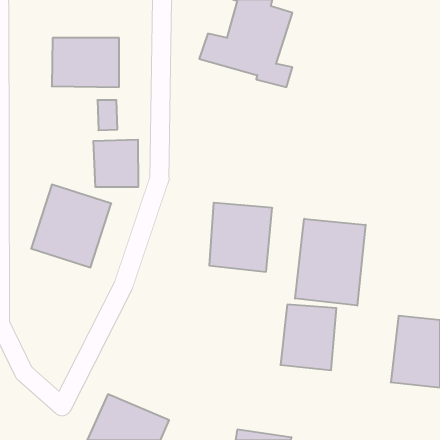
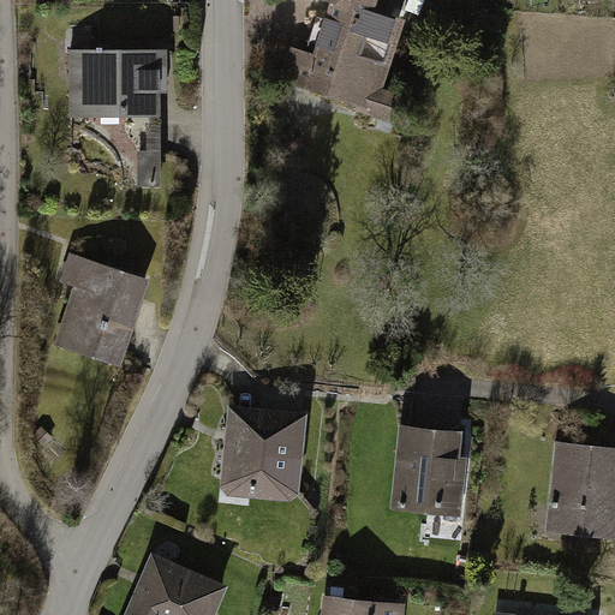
building: [93,140,138,187] -> none
building: [209,203,272,272] -> [221,405,309,501]
building: [295,219,366,306] -> none

